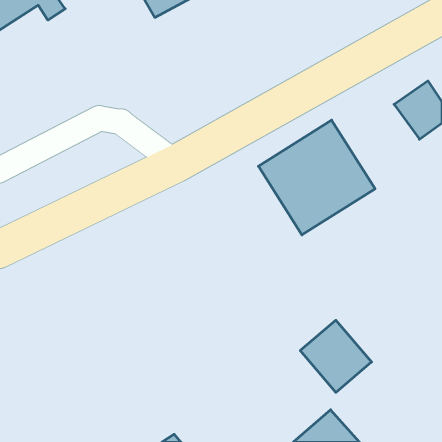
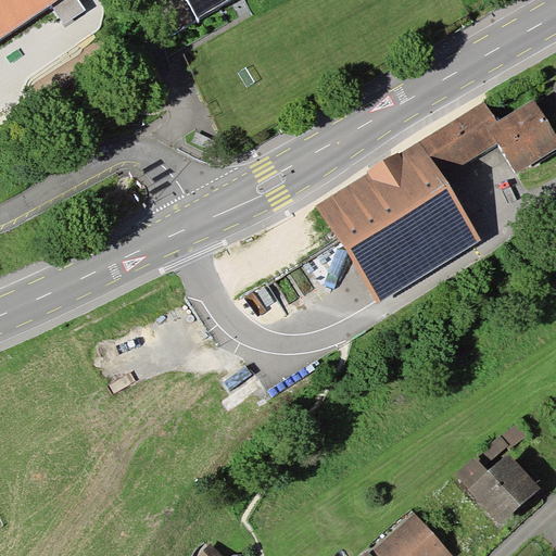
building: none -> [425,105,493,175]
building: [300,320,372,392] -> [456,439,545,529]

